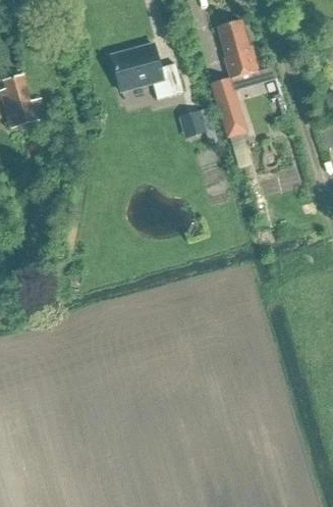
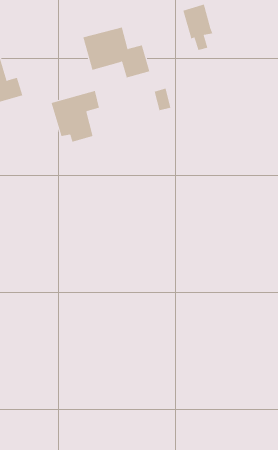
building: [210,45,262,137] -> none
building: none -> [51,90,100,143]

